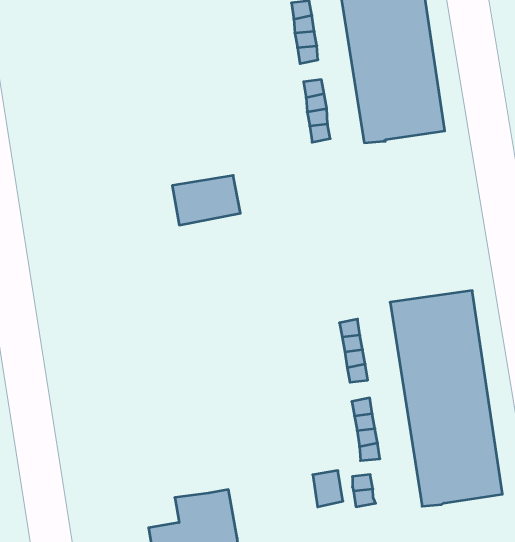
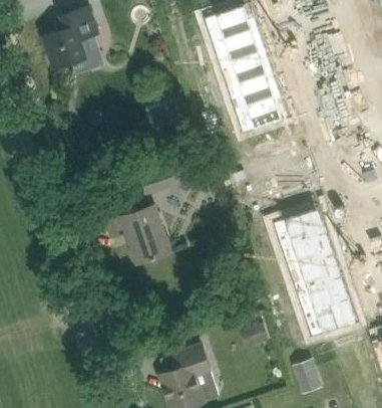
building: none -> [104,204,168,262]

